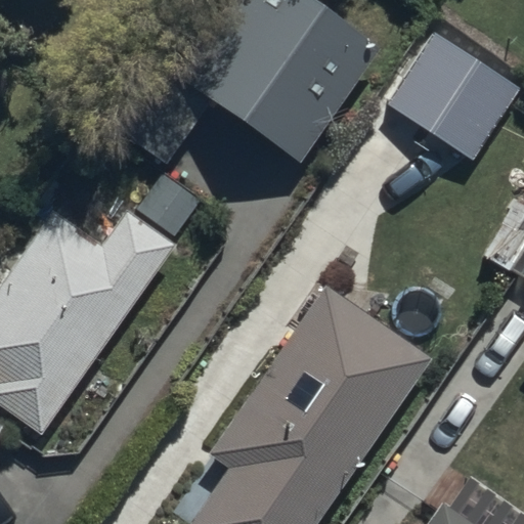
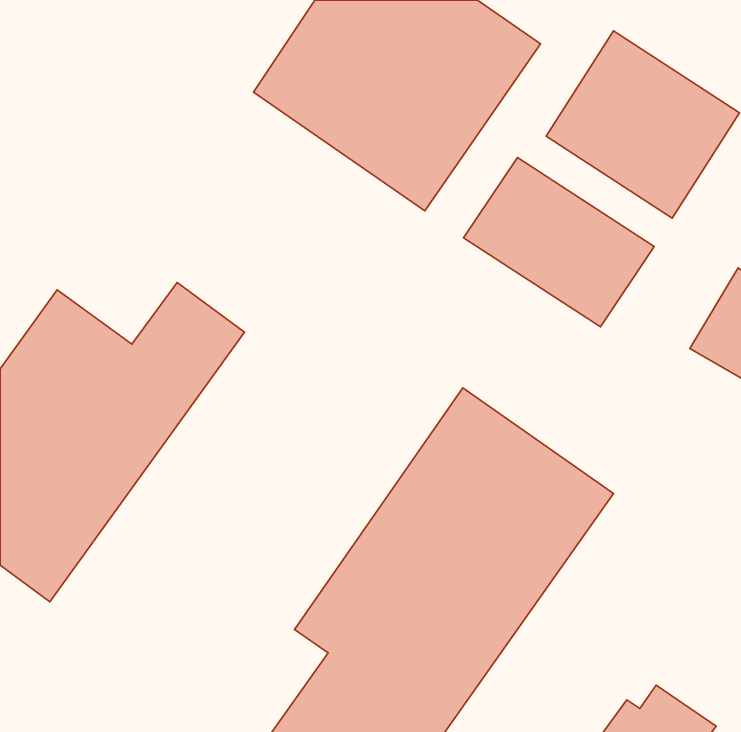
building: none -> [464,157,654,327]

